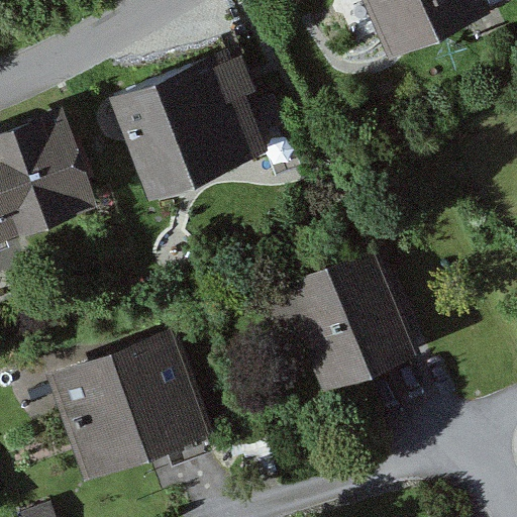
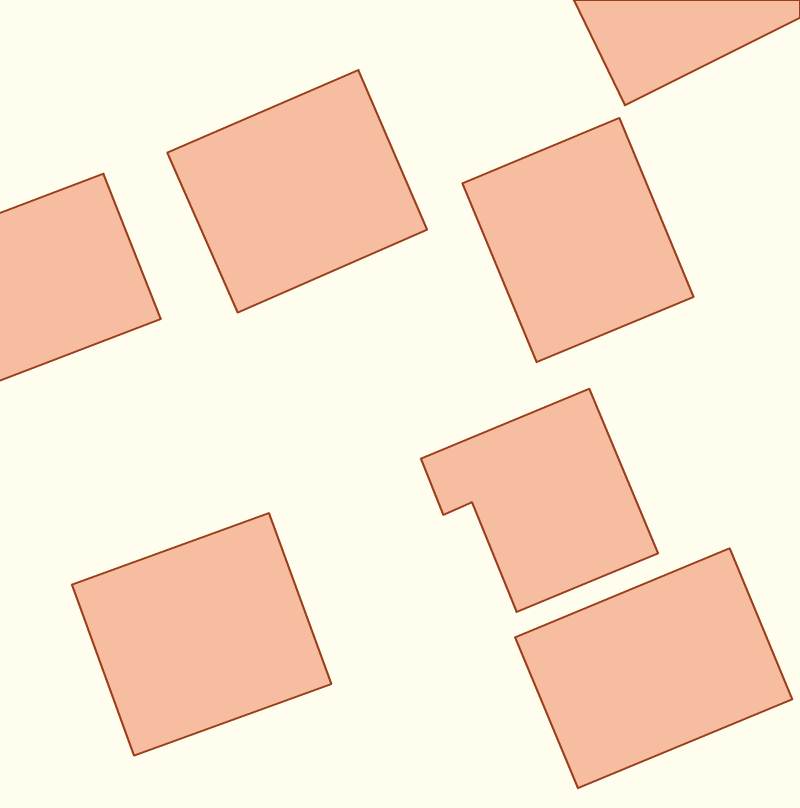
building: none -> [463,118,693,362]
building: none -> [515,548,792,788]

